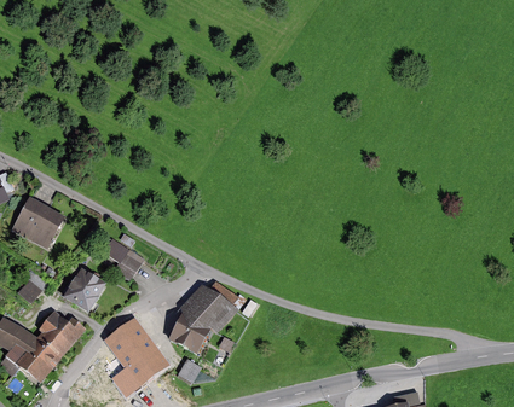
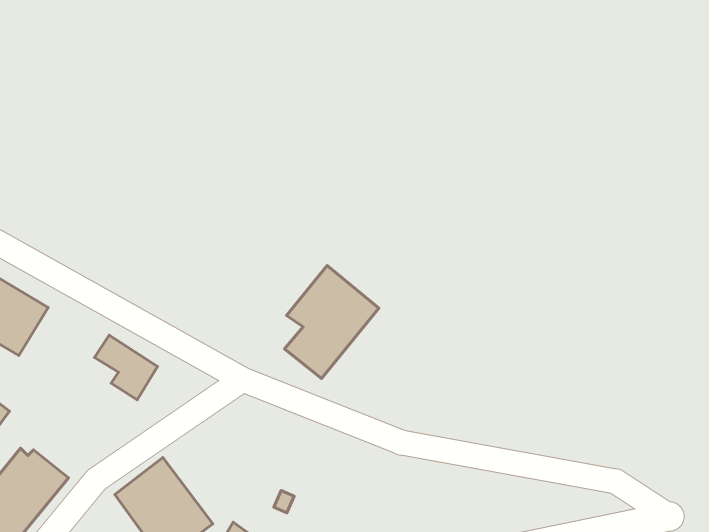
building: [68,271,111,314] -> none
building: [177,283,238,356] -> [285,266,379,379]

